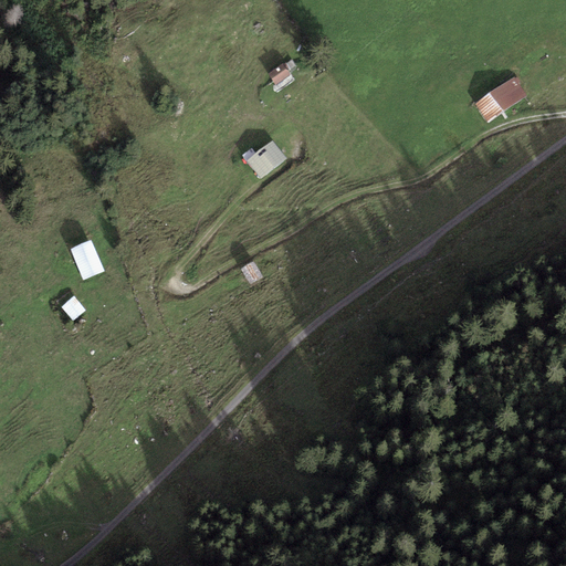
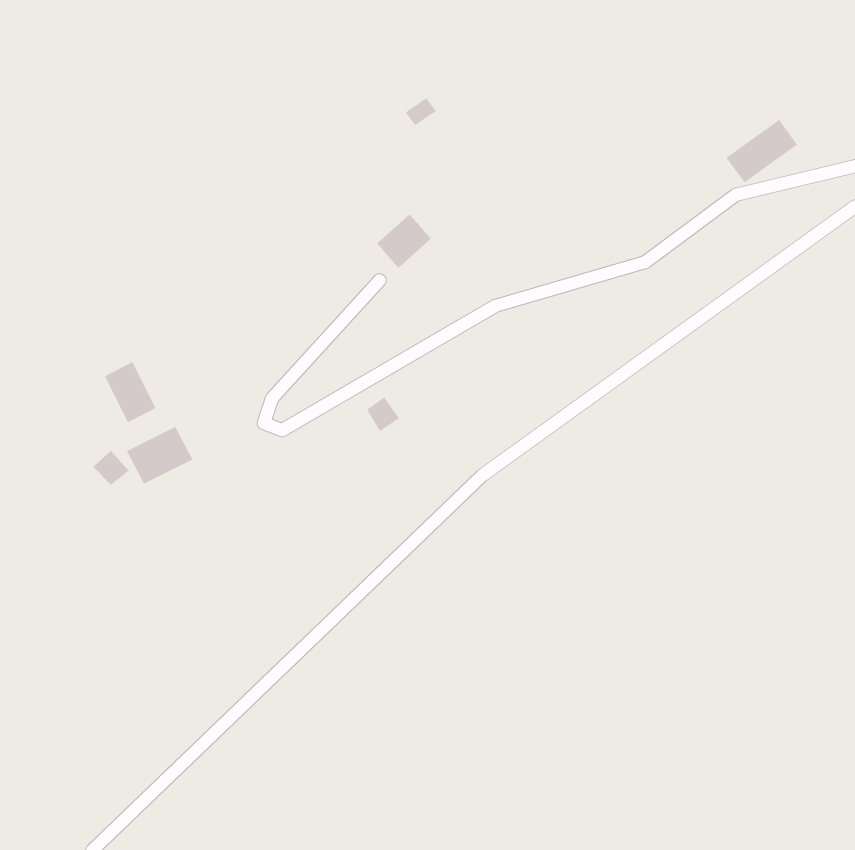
building: none -> [126,426,193,485]

